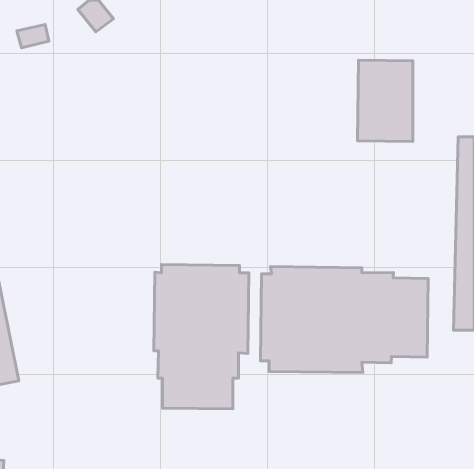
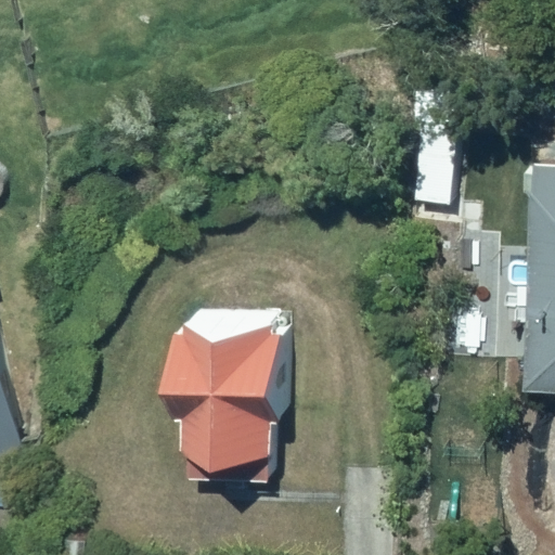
building: [261,267,428,373] -> none

